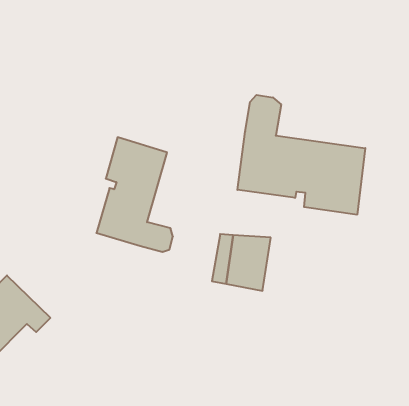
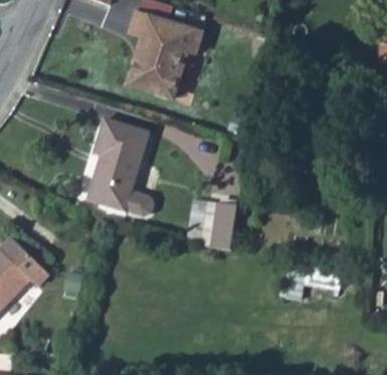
building: none -> [129,15,201,100]
building: [237,95,365,215] -> none

